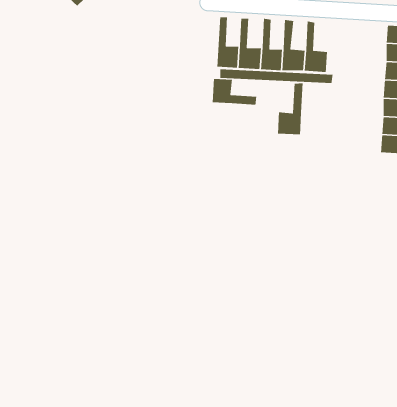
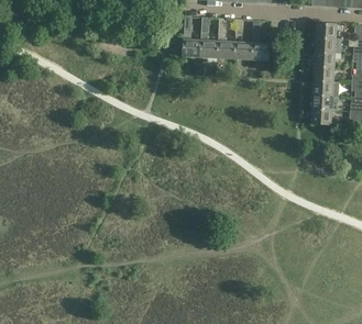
building: [212,78,257,105] -> none
building: [277,83,303,135] -> none

